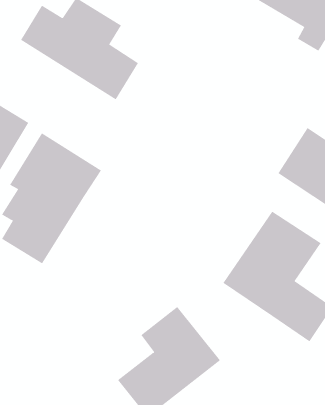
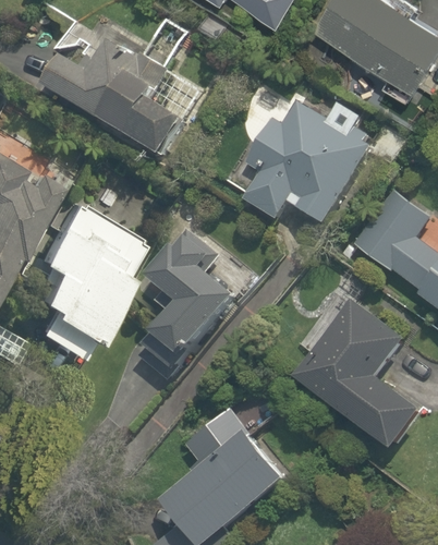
building: none -> [241,92,374,221]
building: none -> [139,227,236,375]

